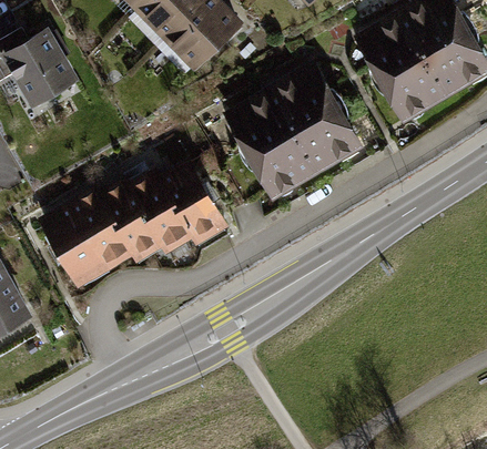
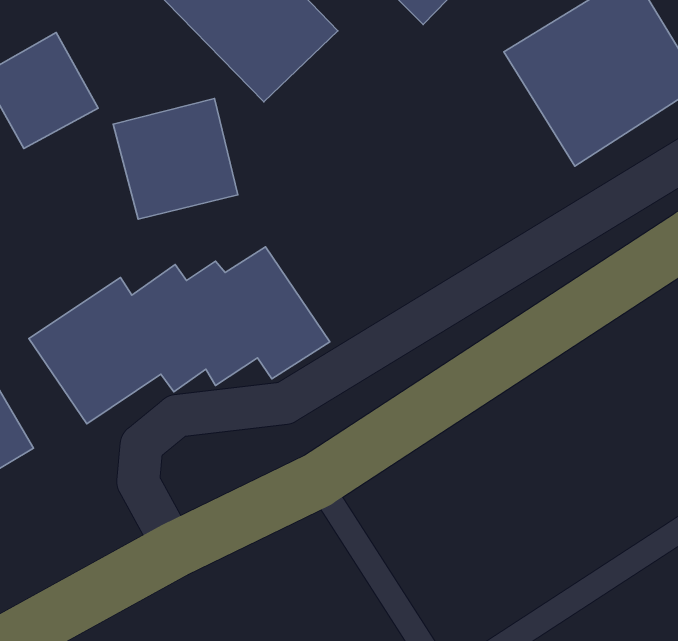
building: [225,59,363,192] -> none
building: none -> [113,98,238,219]

